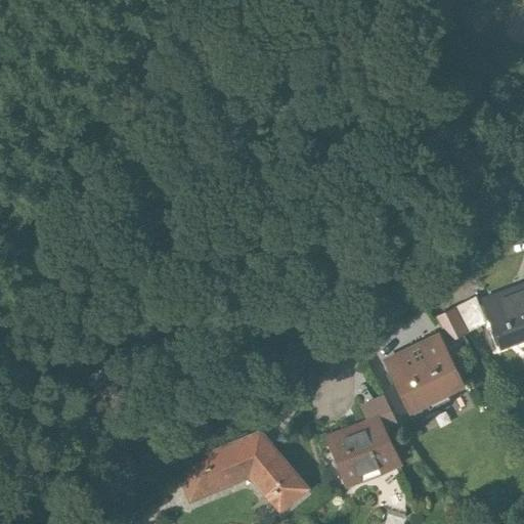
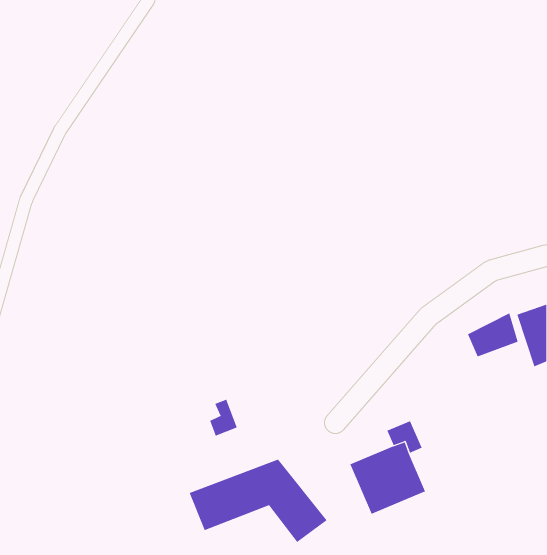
building: [387,336,462,409] -> none
building: none -> [209,399,237,437]

